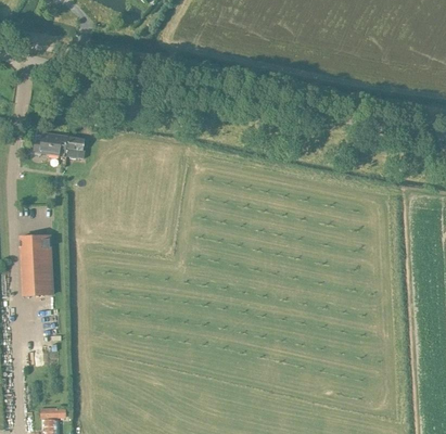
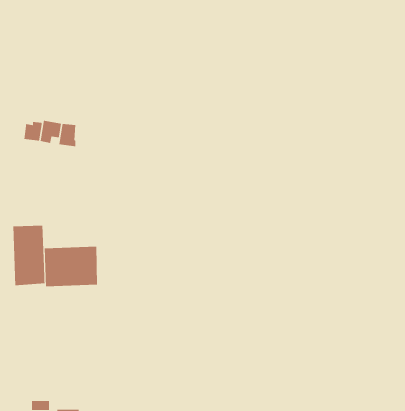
building: none -> [44,246,97,287]

